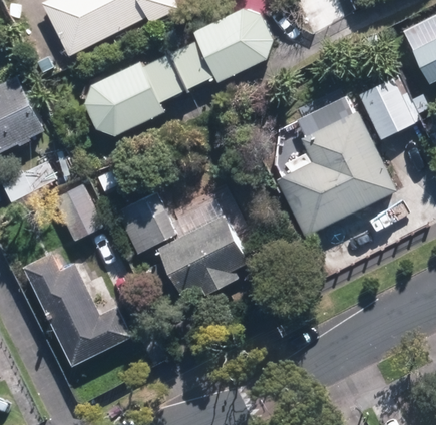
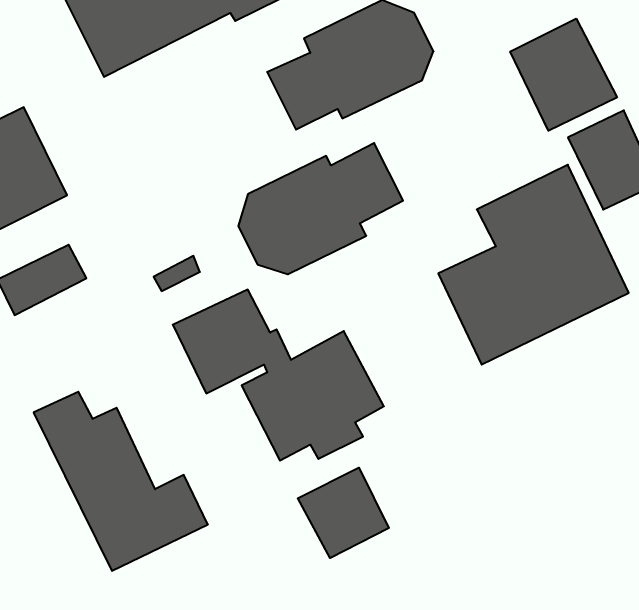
building: none -> [510,19,617,131]
building: [85,53,188,135] -> [238,143,403,274]
building: [53,184,103,241] -> none
building: none -> [298,468,389,558]

